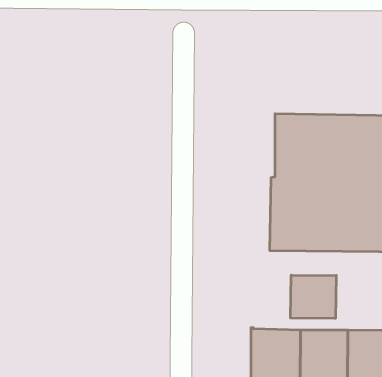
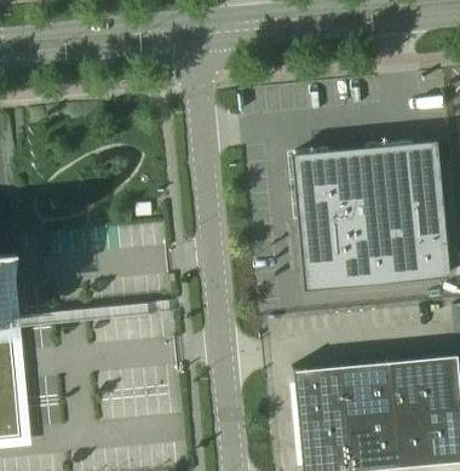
building: [291,275,336,318] -> none

